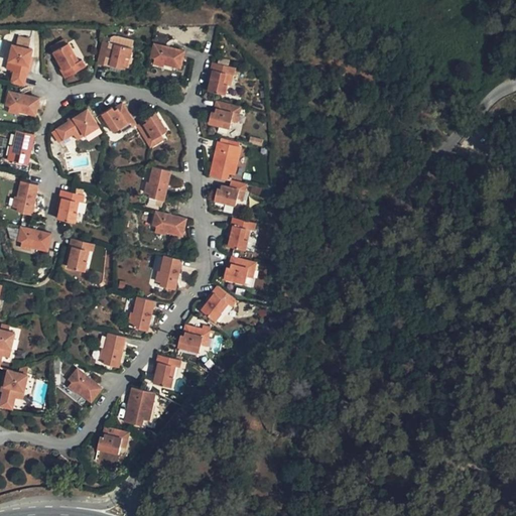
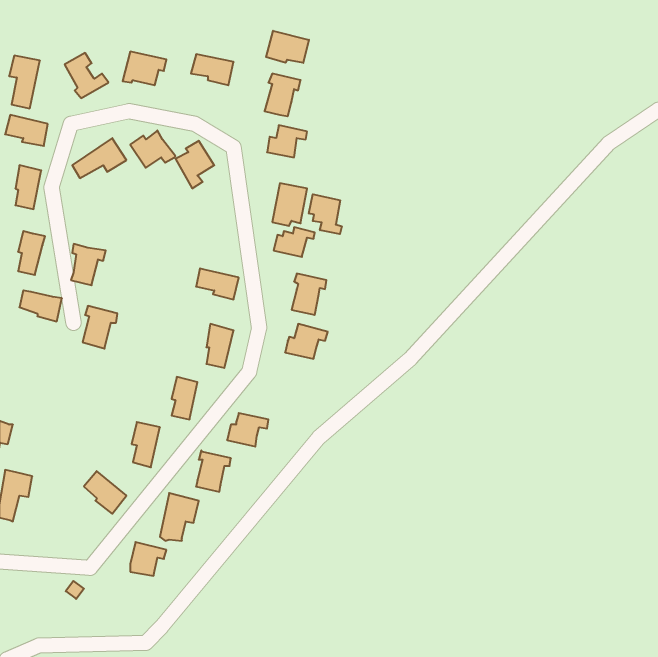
building: none -> [266,31,309,63]
building: none -> [309,194,342,234]
building: [149,166,171,202] -> none
building: [203,284,238,319] -> none

